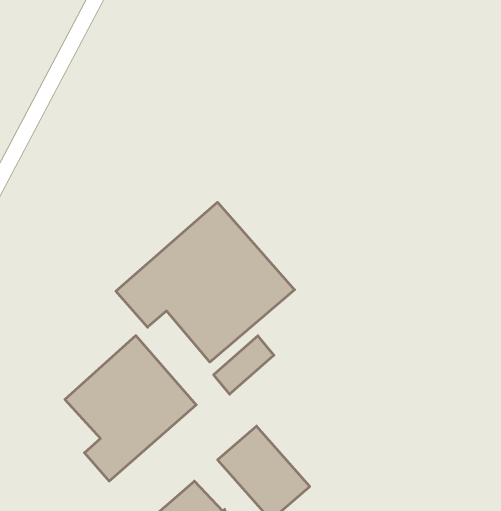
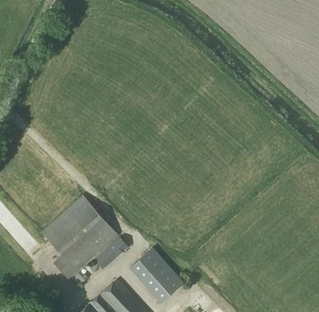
building: [116,202,295,362] -> none
building: [214,336,274,394] -> [94,236,129,270]

